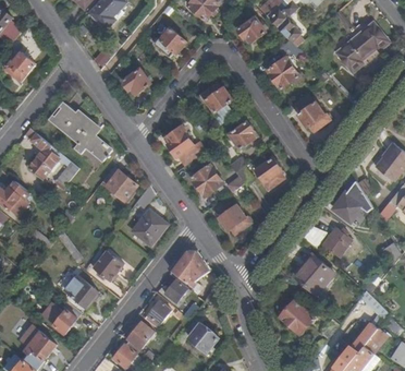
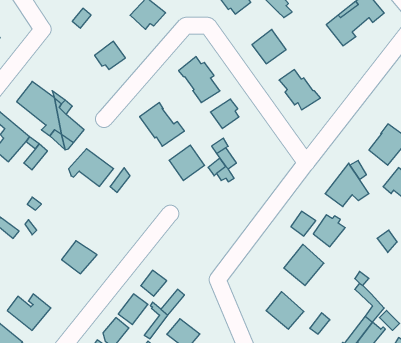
building: [255,157,283,189] -> none
building: [218,204,249,234] -> none
building: [132,211,165,243] -> none
building: [170,249,209,286] -> none
building: [63,275,97,314] -> none

